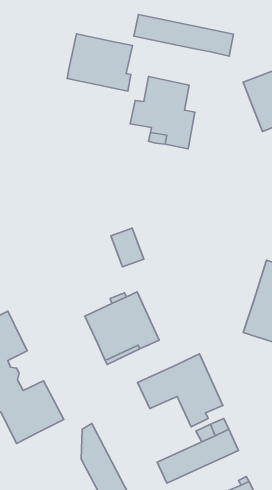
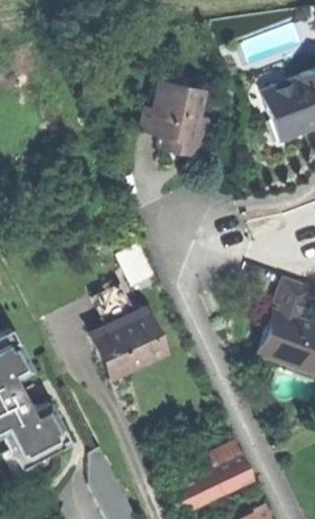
building: [134,14,234,56] -> none
building: [67,34,132,91] -> none
building: [138,354,223,427] -> none

